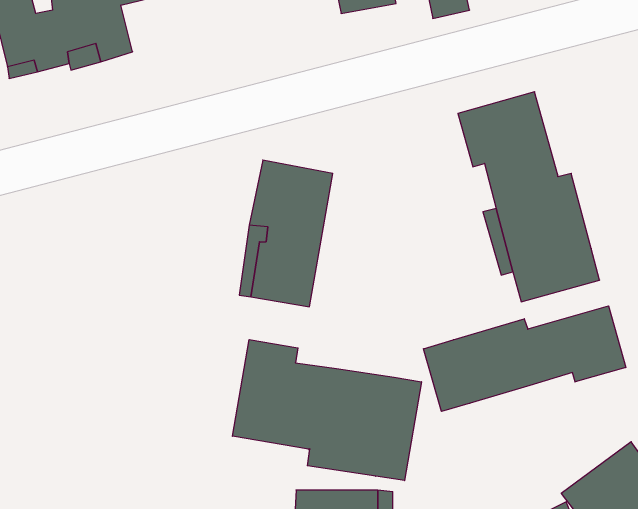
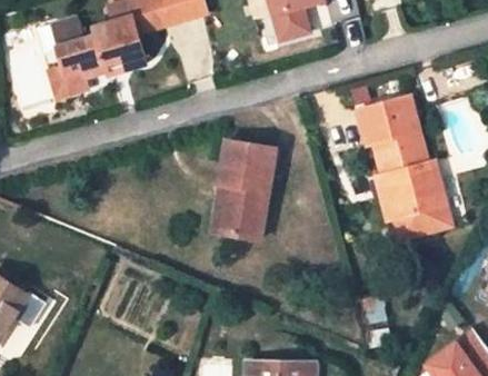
building: [423,306,626,411] -> none
building: [232,340,421,481] -> none

